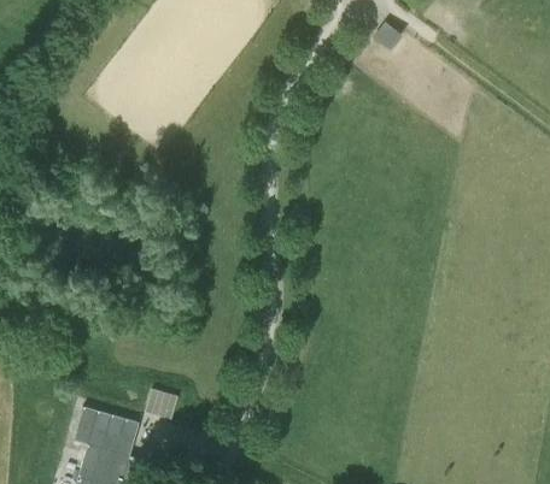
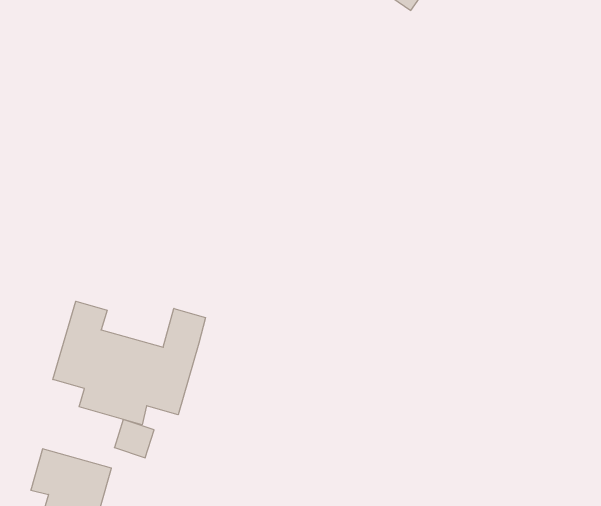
building: none -> [53,301,205,425]

